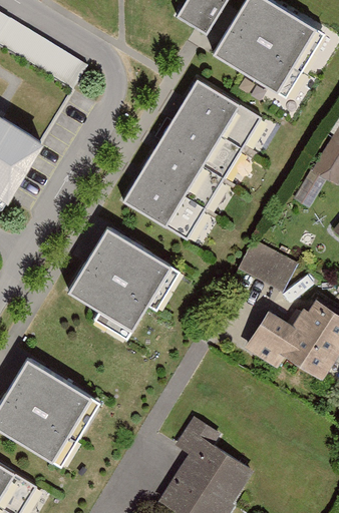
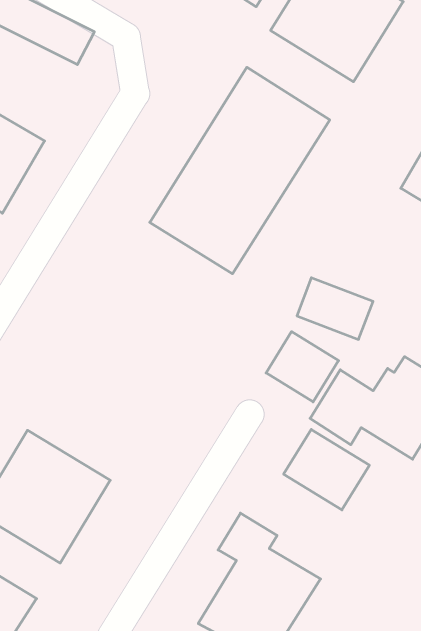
building: [70,227,172,328] -> none
building: none -> [266,332,339,402]
building: none -> [284,429,369,510]

